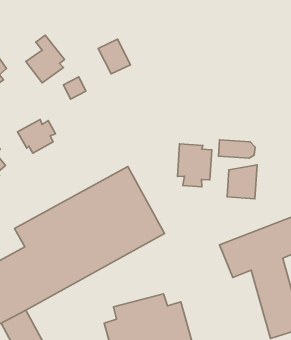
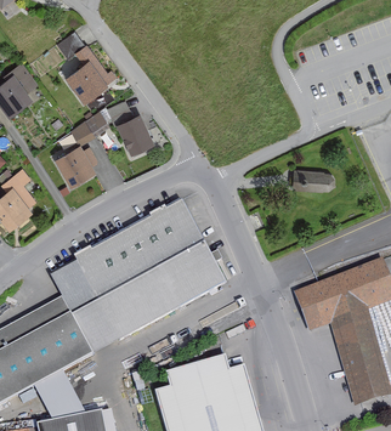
building: [98,39,131,74] -> [114,114,153,155]
building: none -> [70,114,107,144]
building: [178,144,212,187] -> none
building: [227,165,257,199] -> none

